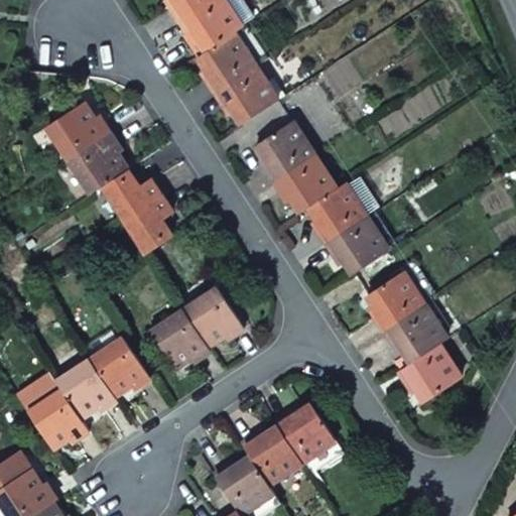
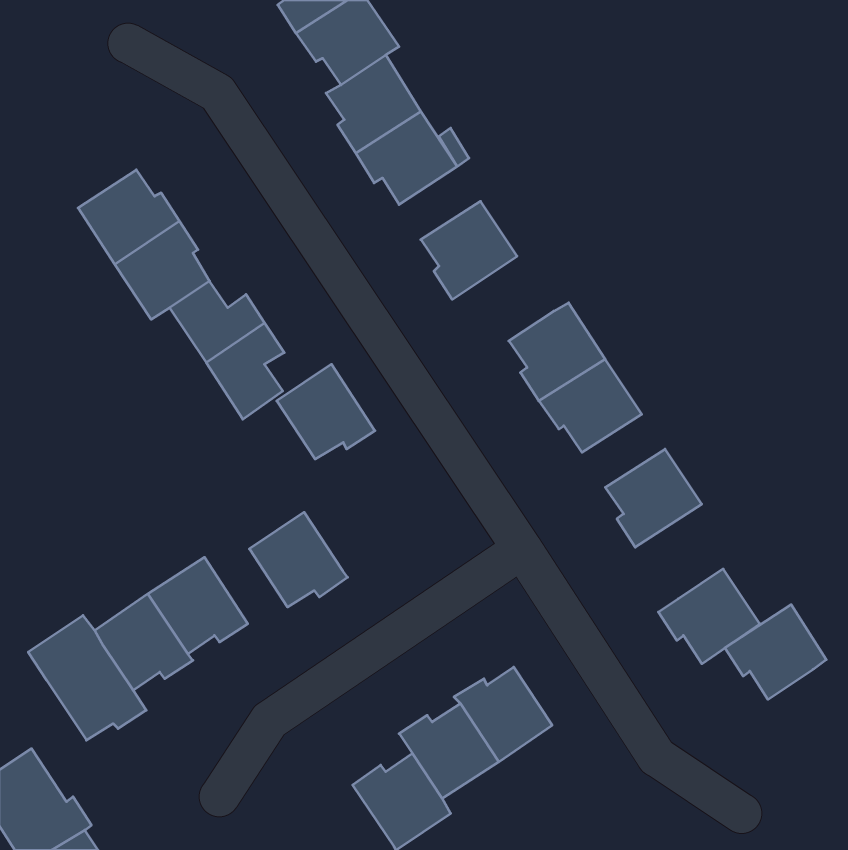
building: [274,155,336,213] -> none
building: [184,288,244,346] -> [277,364,375,459]
building: [385,305,446,363] -> [725,605,826,699]

